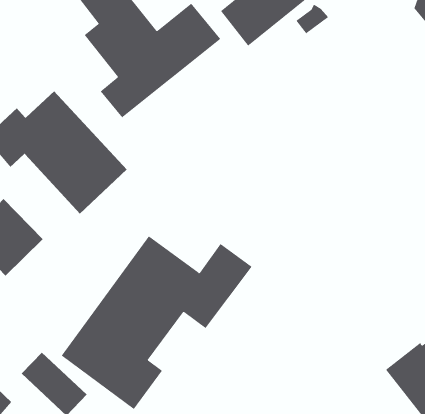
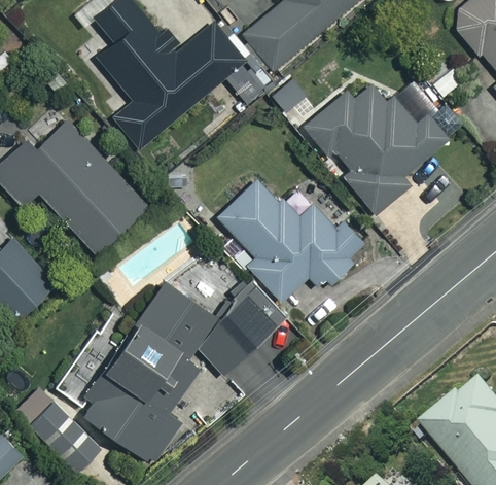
building: none -> [303,82,449,214]
building: none -> [217,177,363,301]

